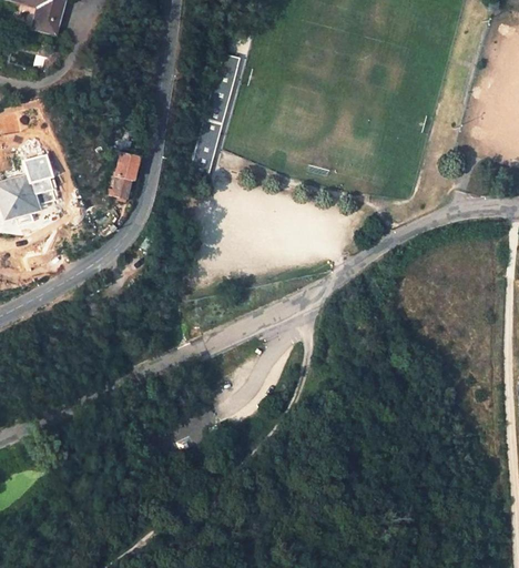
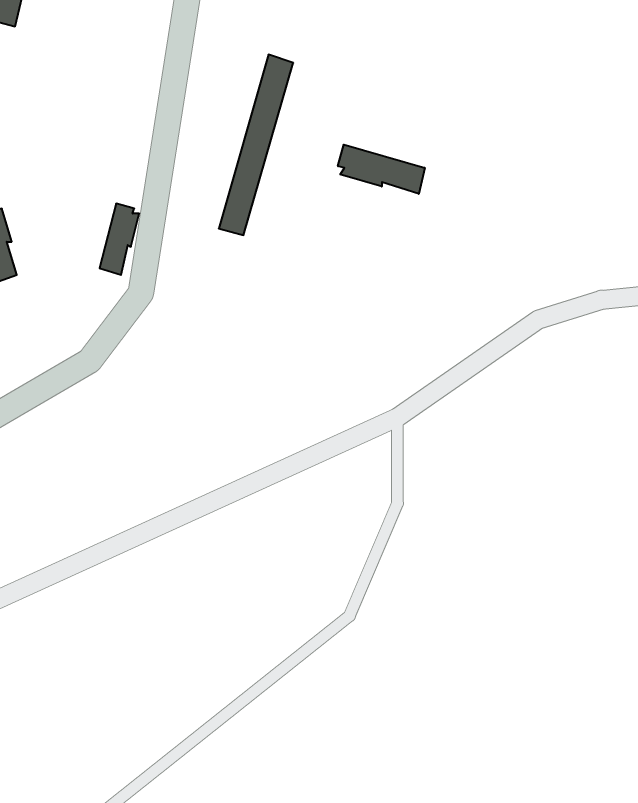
building: none -> [338,145,425,194]

